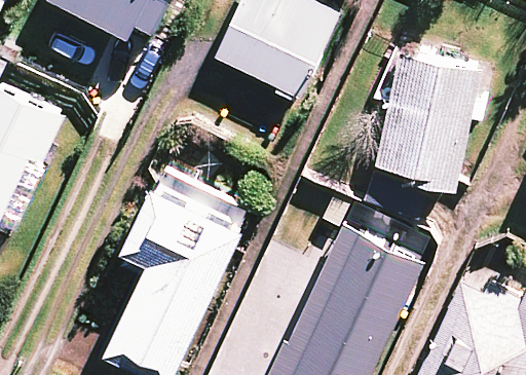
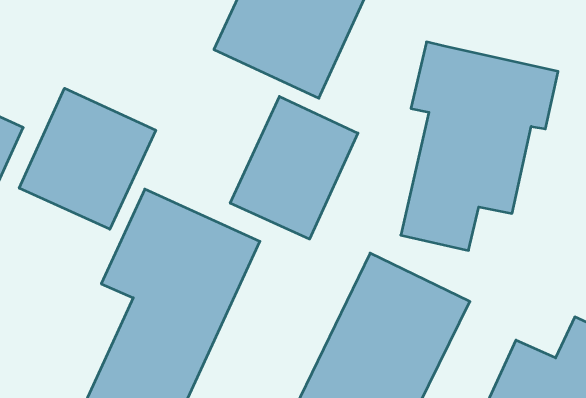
building: none -> [19,88,156,229]
building: none -> [230,96,358,239]

